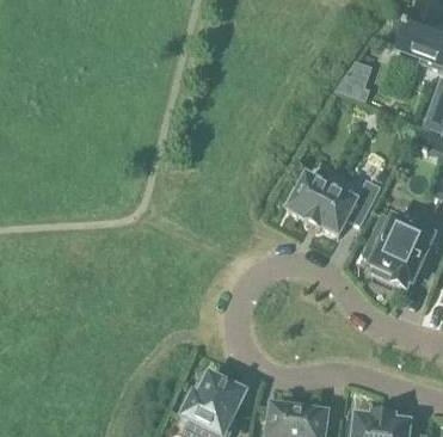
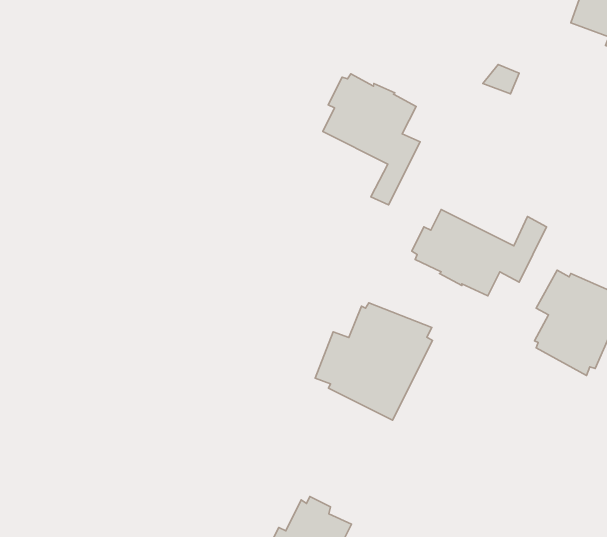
building: none -> [323,74,420,205]
building: none -> [315,303,432,420]

